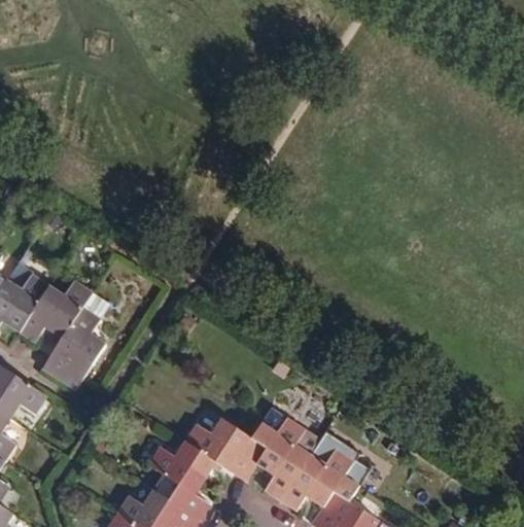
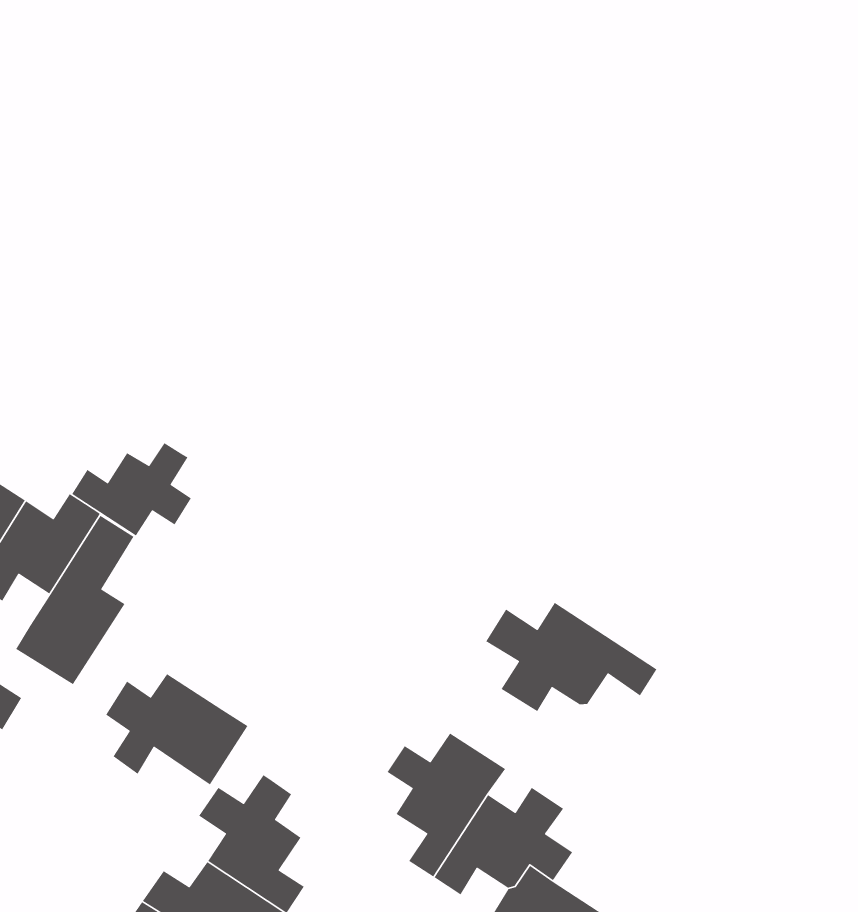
building: none -> [71,442,192,536]
building: none -> [485,602,658,712]
building: [186,419,268,483] -> [105,673,248,786]

